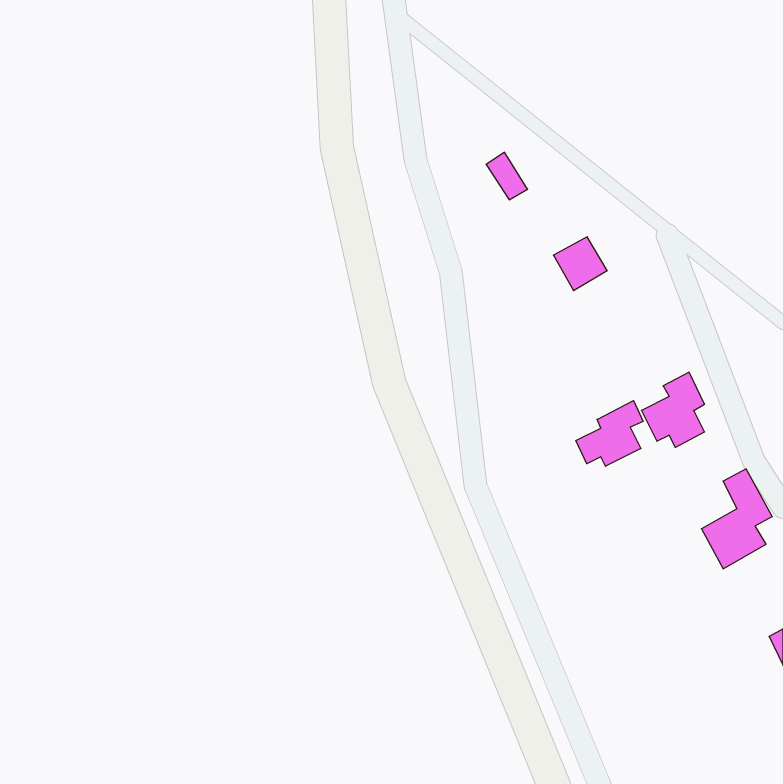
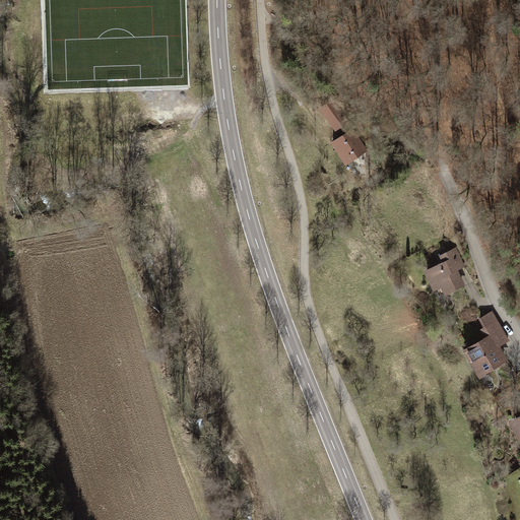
building: [553,237,607,291] -> [331,130,367,166]
building: [576,401,643,466] -> none

